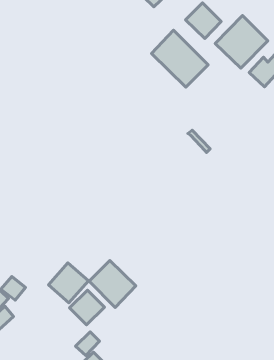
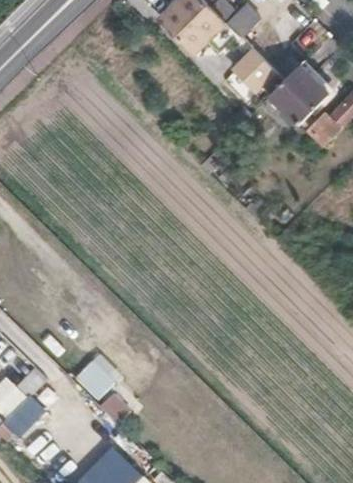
building: [151,30,208,87] -> none
building: [89,261,136,307] -> none

